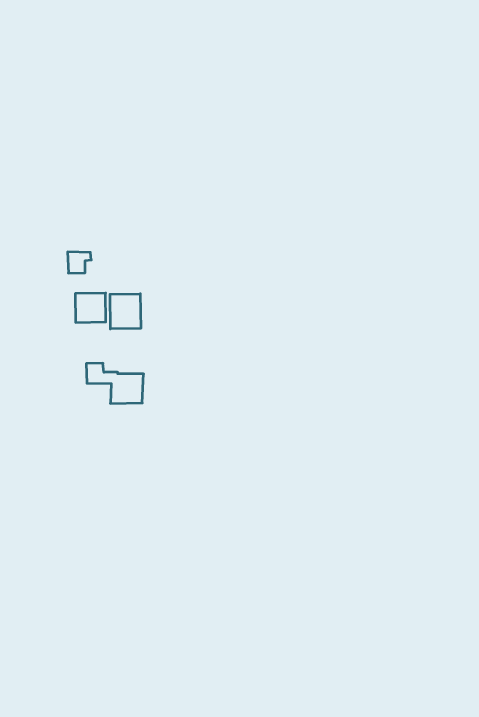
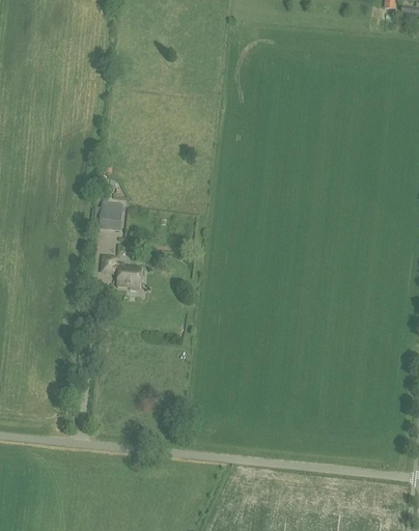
building: [110,294,141,329] -> none

